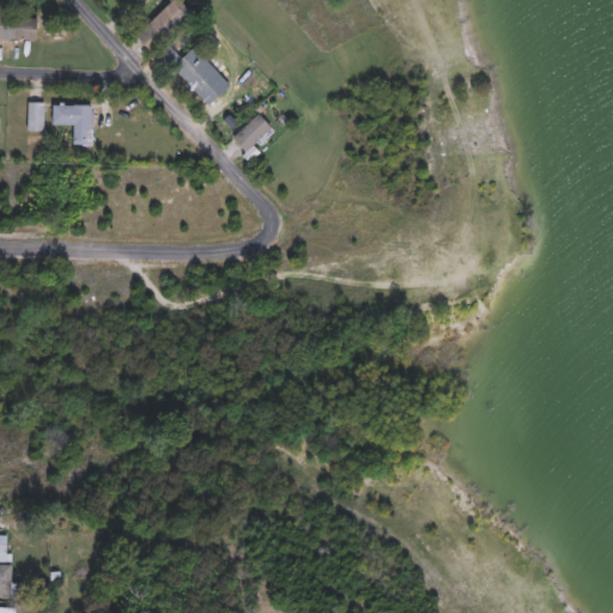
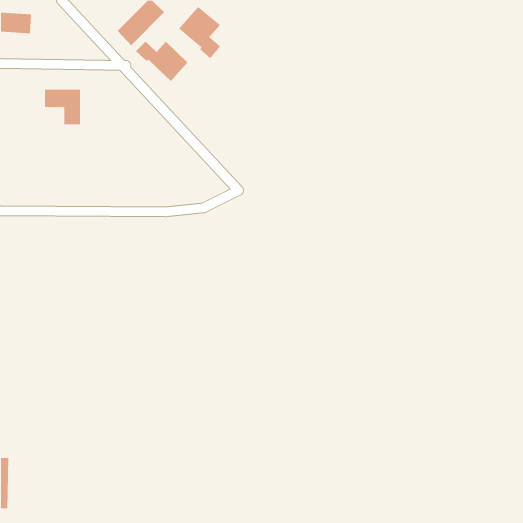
building: none -> [178,6,221,59]
building: [26,102,43,132] -> none
building: [233,114,272,152] -> none

